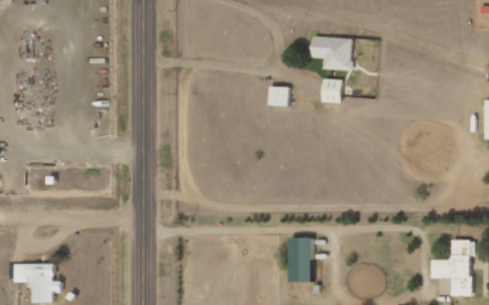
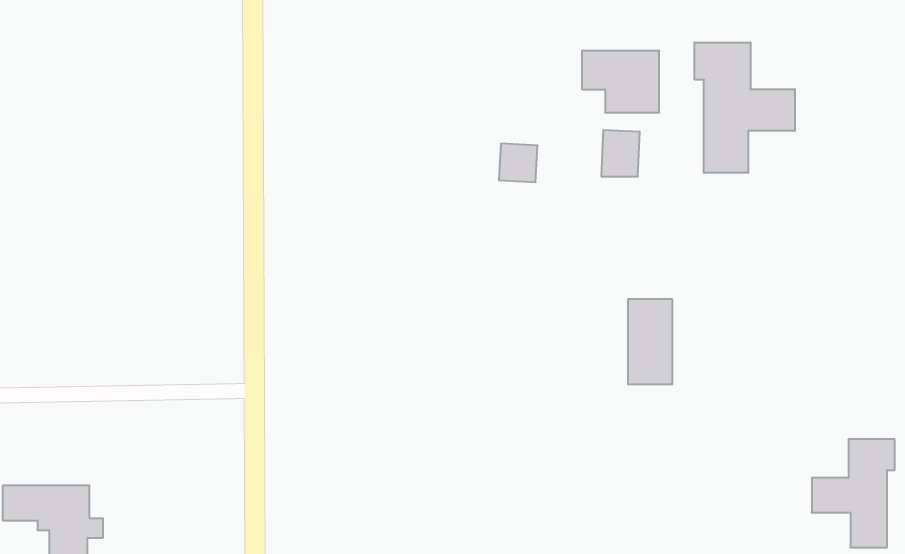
building: none -> [695,42,795,173]
building: [288,238,312,282] -> [628,299,672,384]

